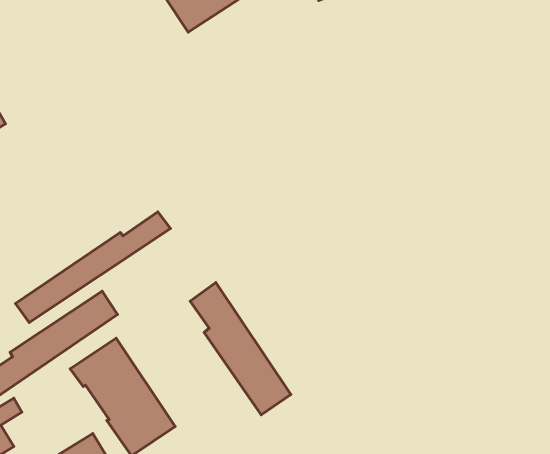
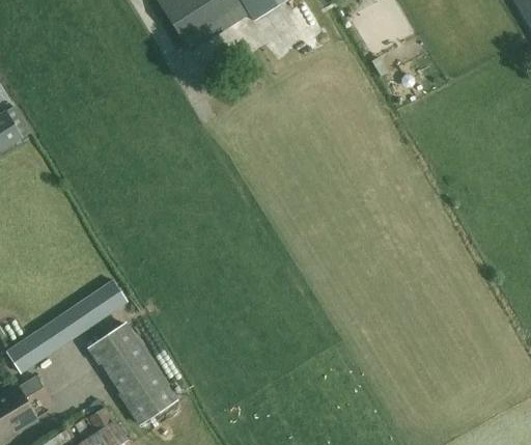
building: [15,212,170,323] -> none
building: [190,282,291,415] -> none

